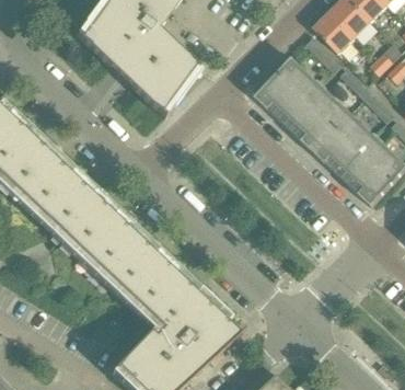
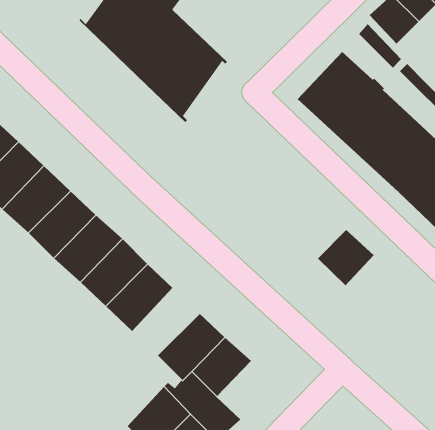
building: none -> [317,229,374,286]
building: [119,253,175,309] -> none
building: [189,313,239,362] -> none

